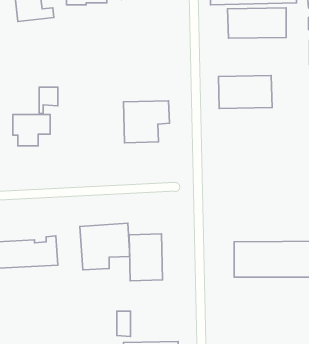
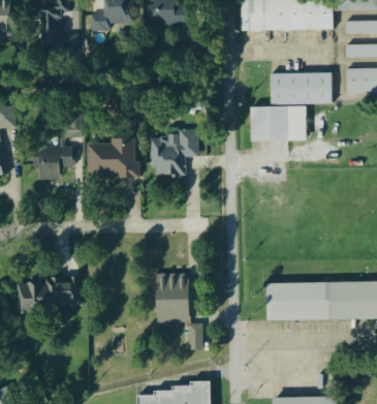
building: [227,8,286,38] -> [270,72,332,104]
building: none -> [86,137,139,179]
building: [80,223,130,270] -> none
building: [117,311,131,337] -> [188,323,202,350]

